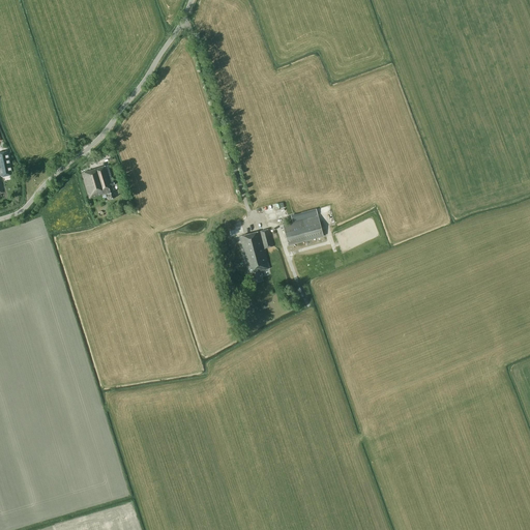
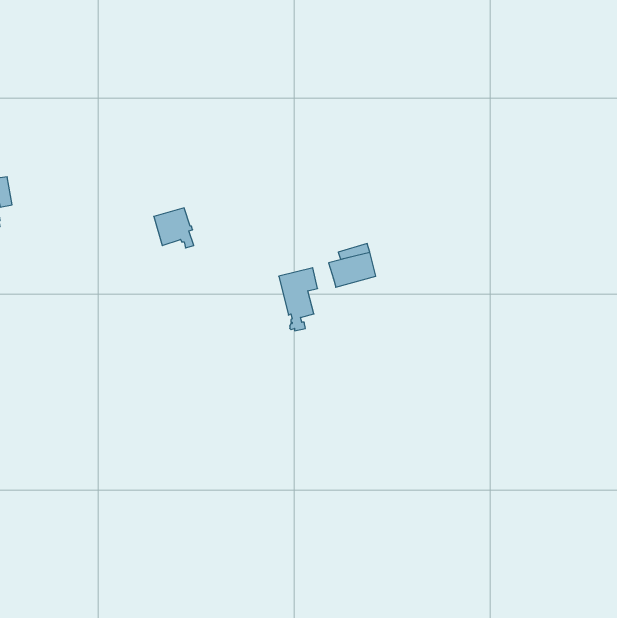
building: [80,167,114,201] -> [154,208,194,248]

